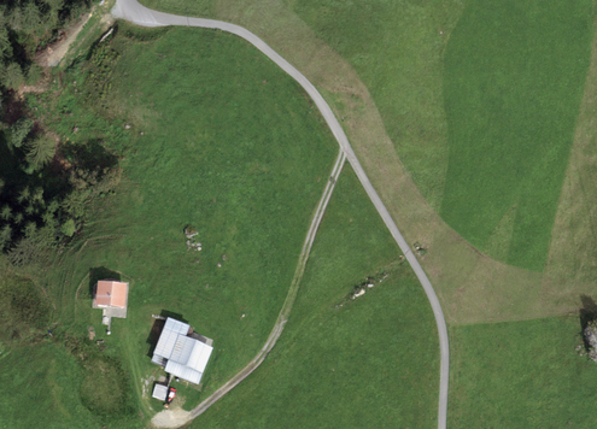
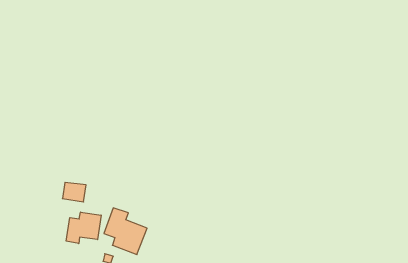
building: none -> [66,212,101,244]

